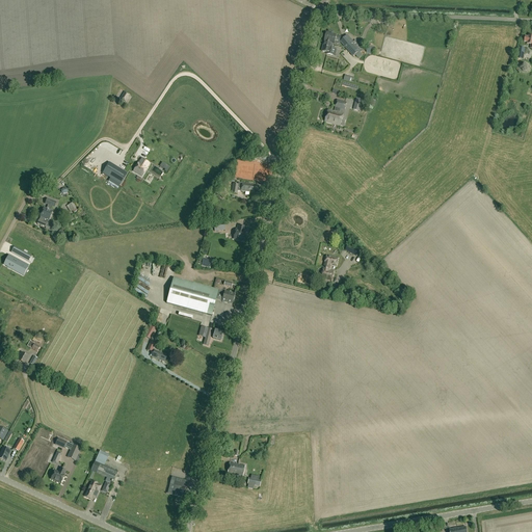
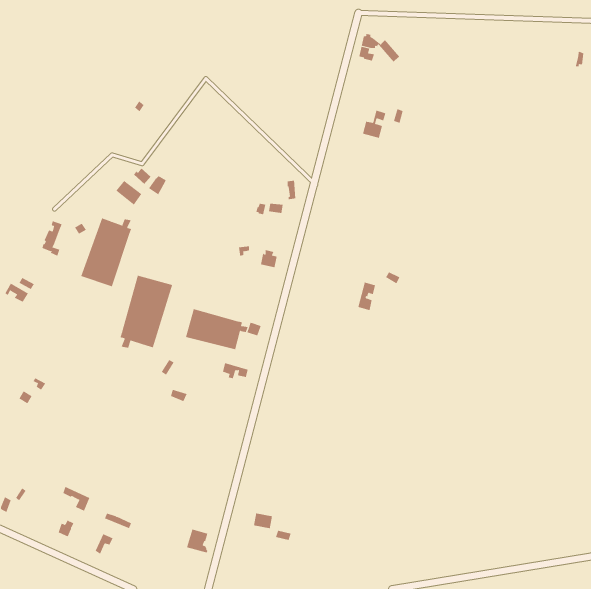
building: none -> [80,218,132,287]
building: none -> [120,275,173,348]

